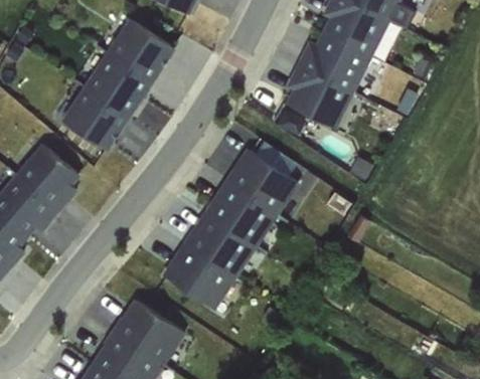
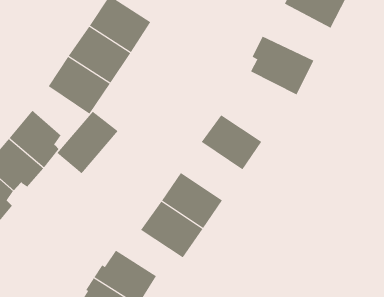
building: [297,28,372,90] -> none
building: none -> [57,111,119,174]
building: [207,180,276,244] -> none

